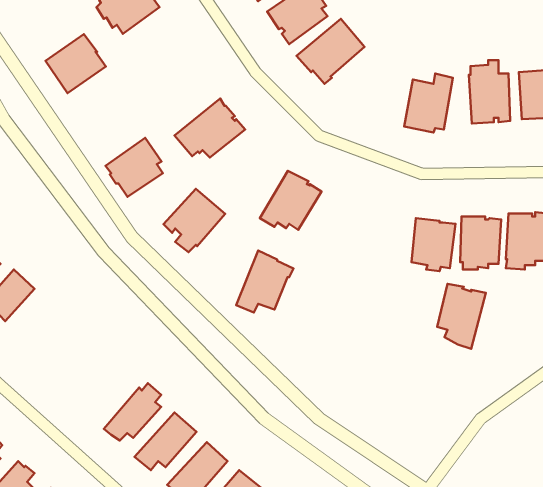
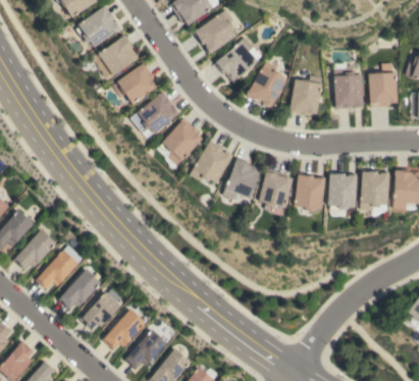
building: [46,34,106,93] -> [98,35,140,75]
building: none -> [247,60,286,108]
building: [105,138,163,197] -> [117,62,157,103]
building: [163,189,225,252] -> [159,120,202,164]
building: [236,251,293,313] -> [222,157,262,200]
building: [437,284,486,349] -> [259,171,293,216]
building: none -> [14,228,57,269]
building: none -> [37,244,83,288]
building: none -> [59,269,101,309]

